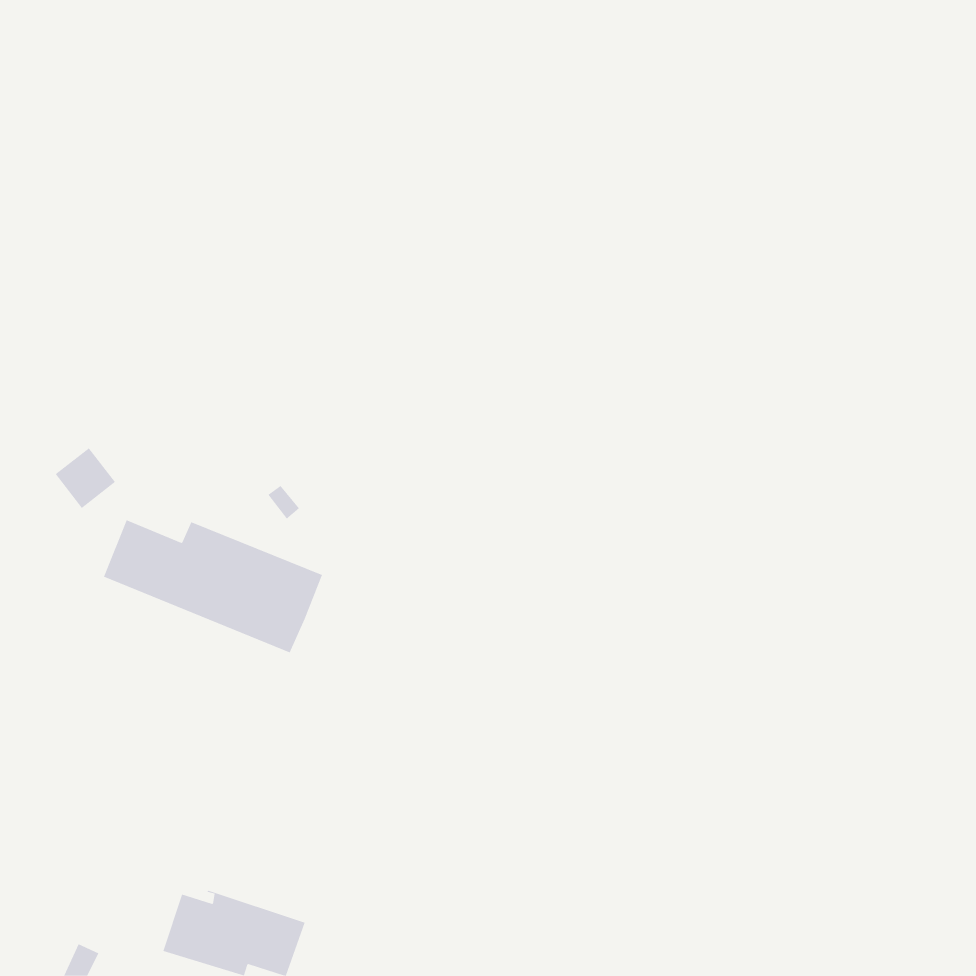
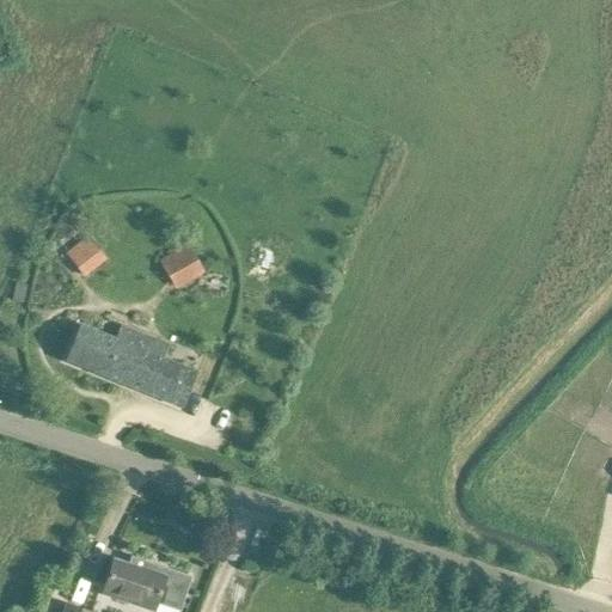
building: none -> [159,244,203,289]
building: [55,448,116,509] -> [68,237,106,275]

